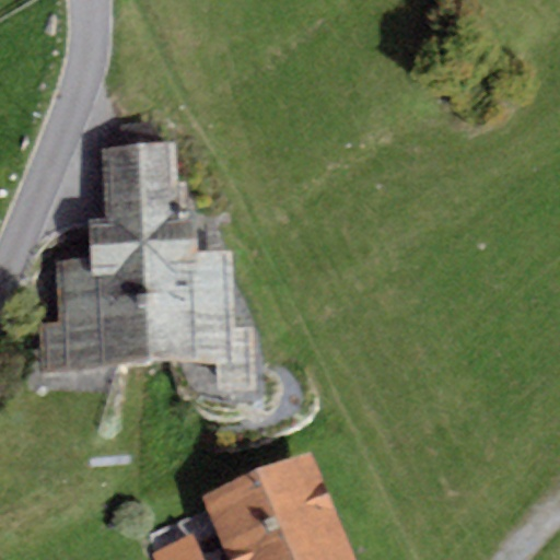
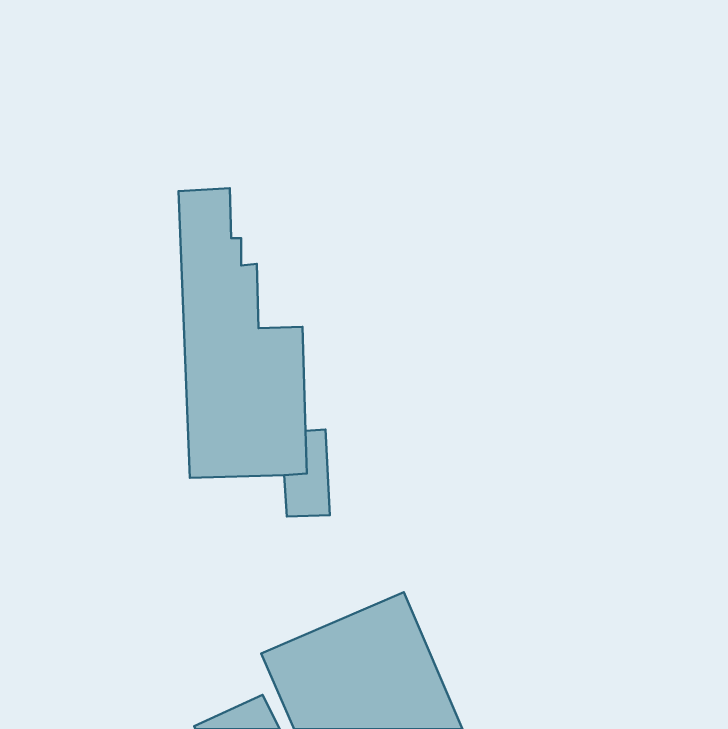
building: [38,147,145,371] -> none

